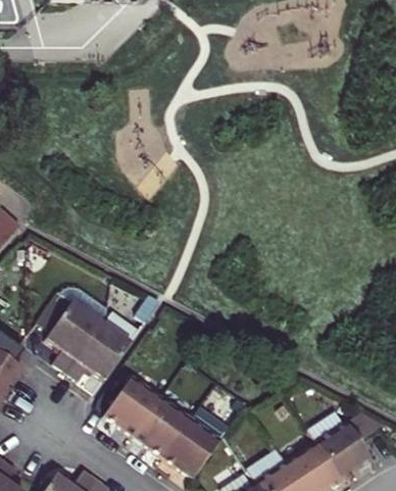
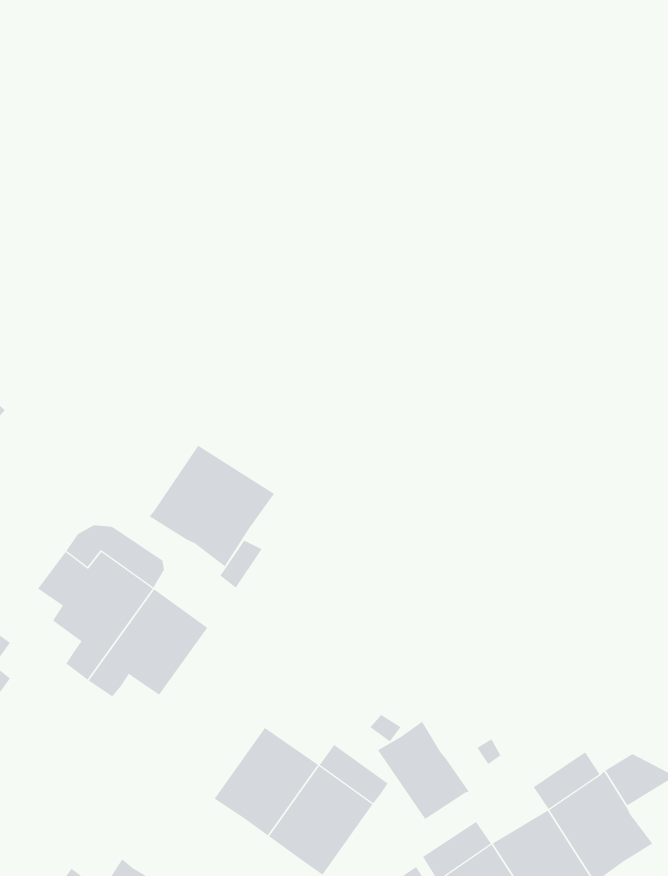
building: none -> [148,445,275,567]
building: [103,377,160,437] -> none
building: none -> [377,721,470,820]

